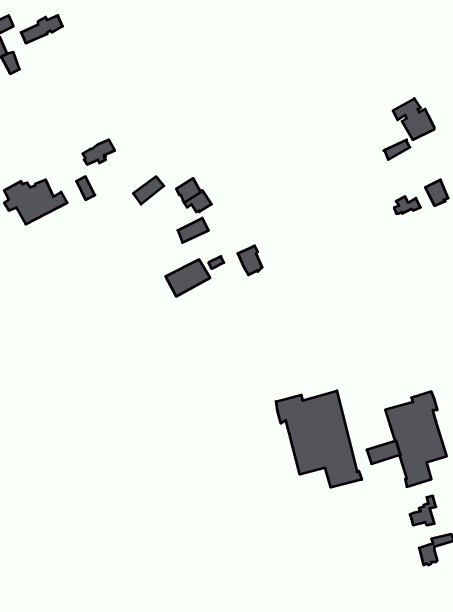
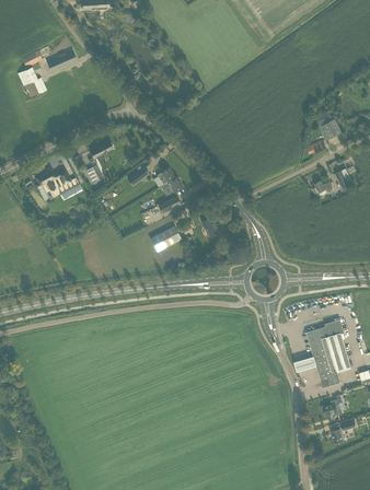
building: [276,391,362,487] -> none

